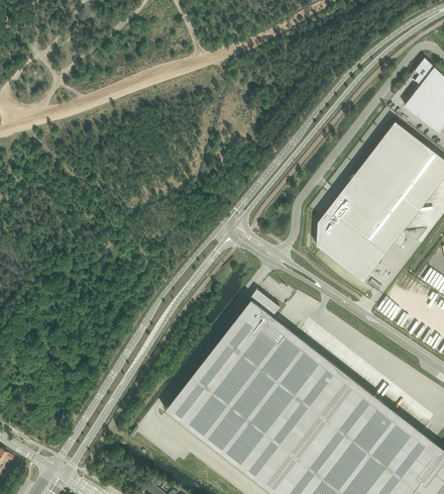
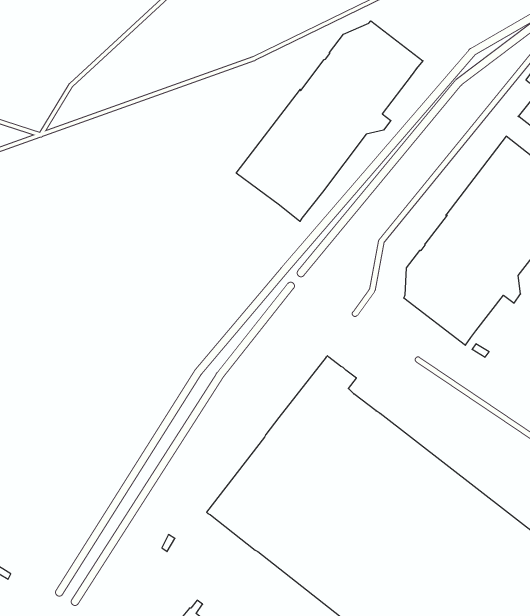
building: none -> [236,21,423,221]

